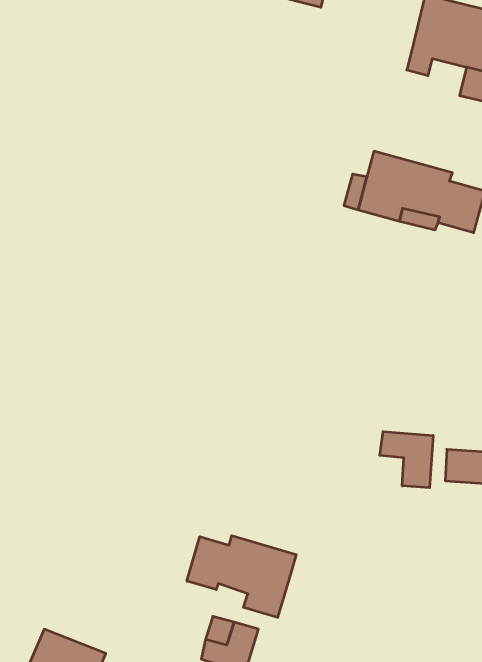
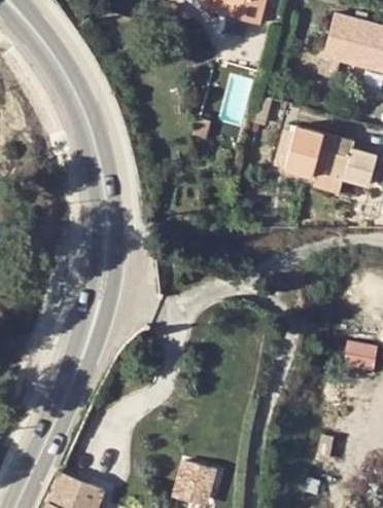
building: [380,432,433,488] -> none
building: [187,536,296,617] -> none

